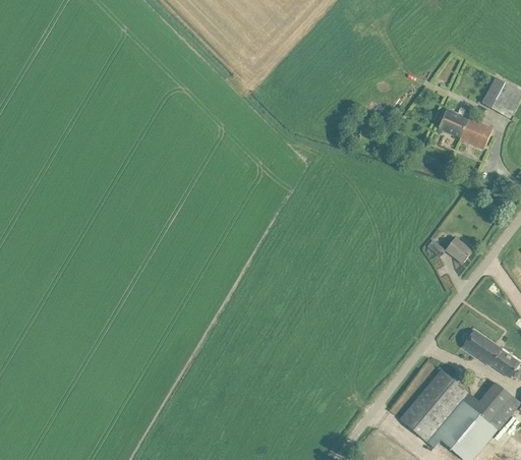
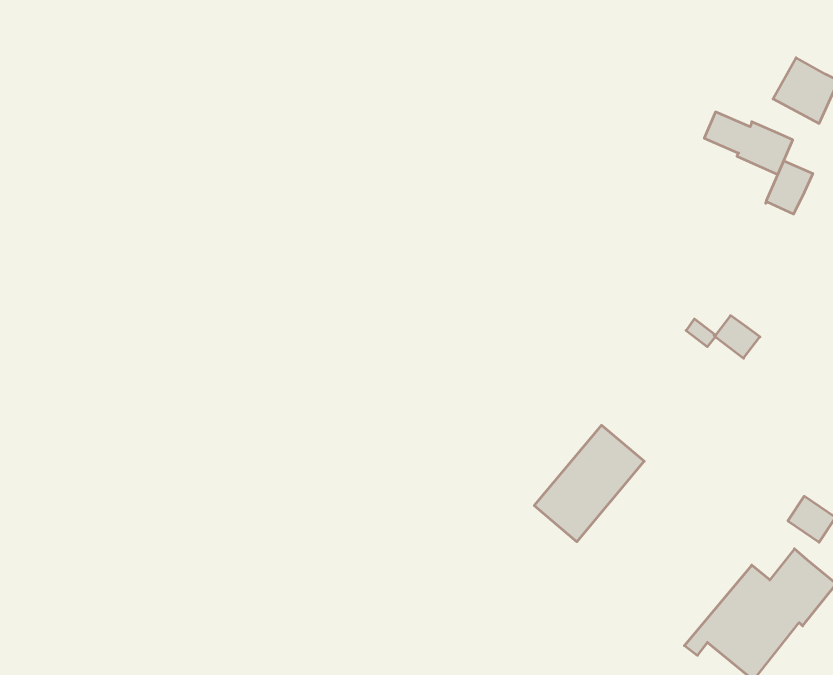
building: none -> [766,161,813,214]
building: [462,330,501,365] -> none
building: [399,369,467,442] -> [534,425,644,542]

